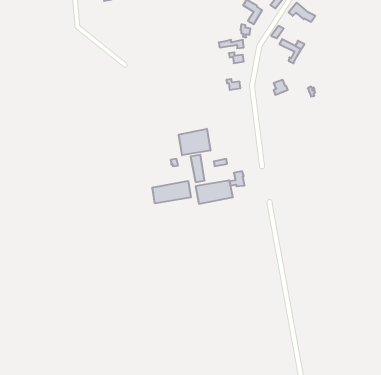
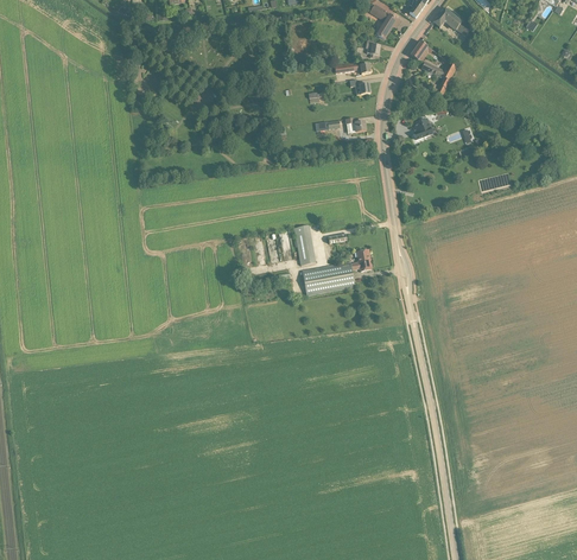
building: [179,129,210,155] -> none
building: [152,181,191,203] -> none

